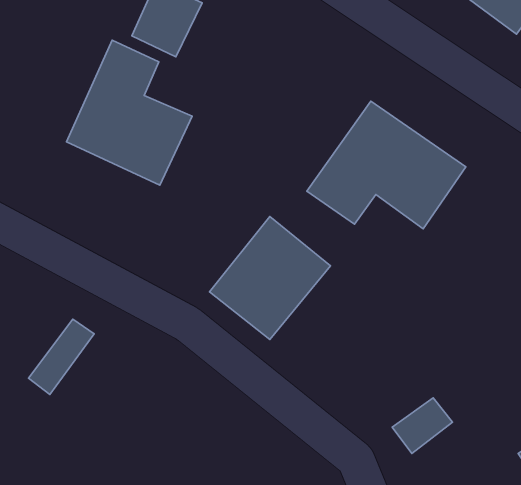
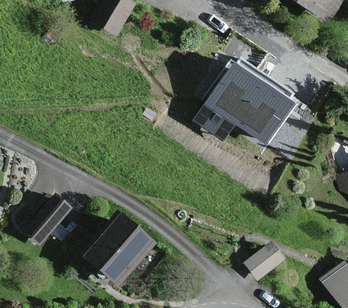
building: [66,40,192,185] -> none
building: [209,217,331,339] -> [80,211,154,286]

